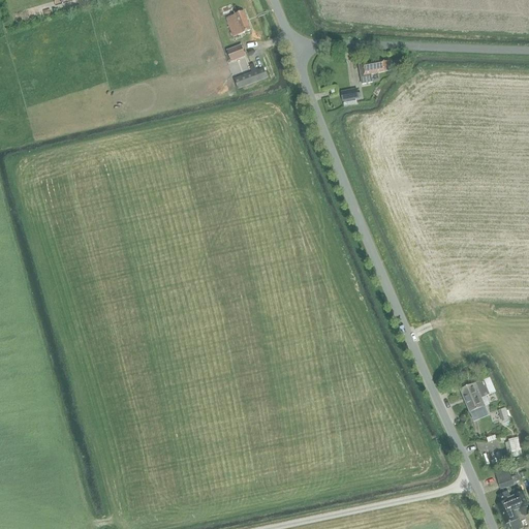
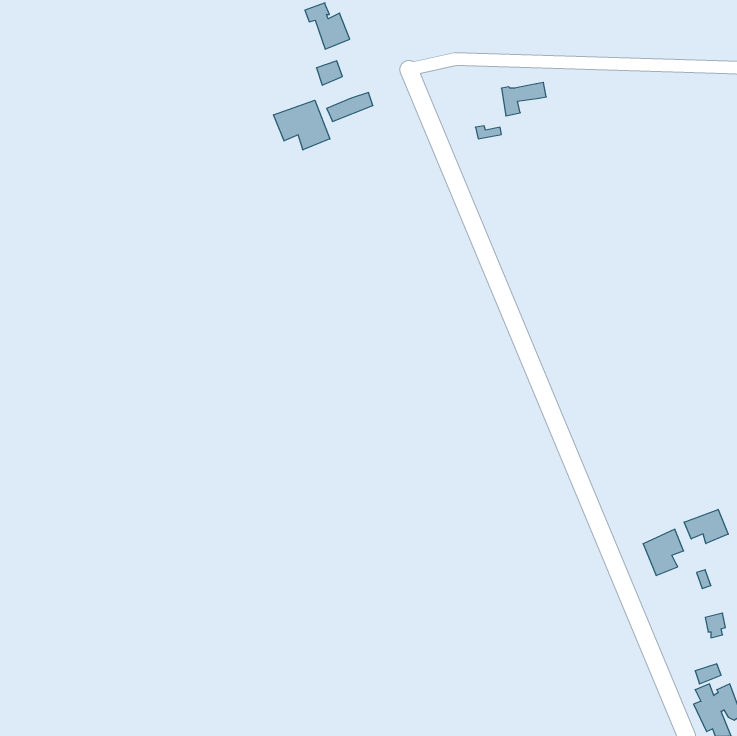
building: none -> [274,100,330,150]
building: none -> [684,509,728,544]

